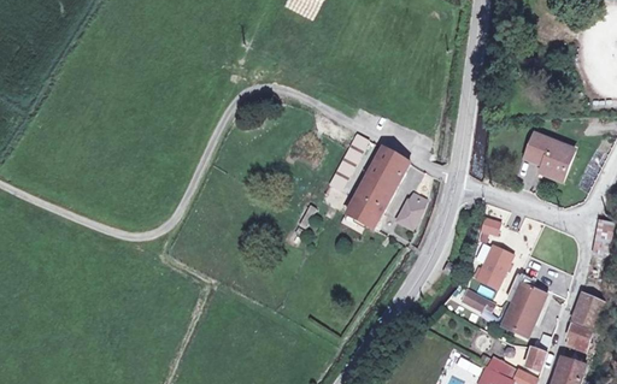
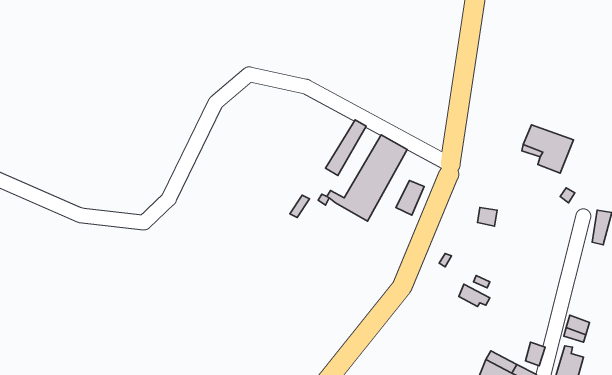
building: [478,244,511,285] -> none
building: [504,278,545,337] -> none
building: [570,291,593,329] -> none

